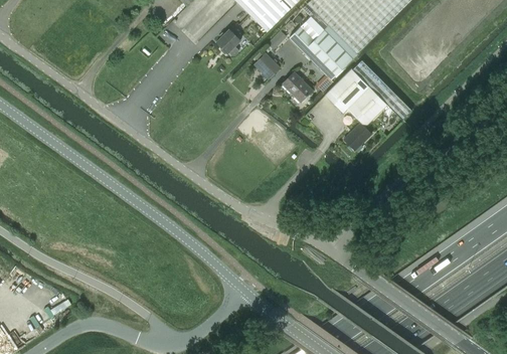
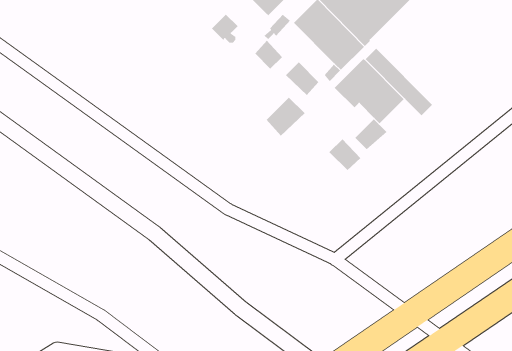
building: none -> [266,97,305,136]
building: none -> [329,138,361,171]

